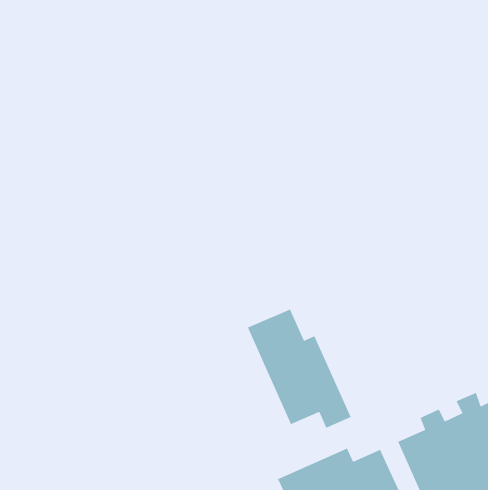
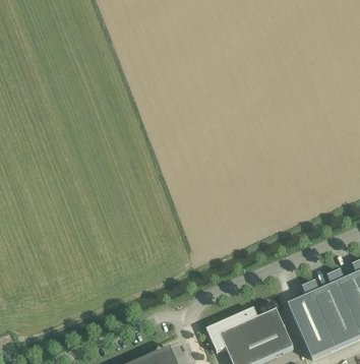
building: [247,308,352,429] -> none

